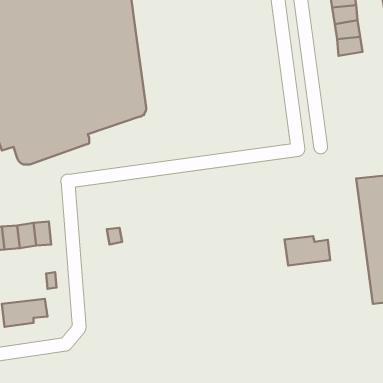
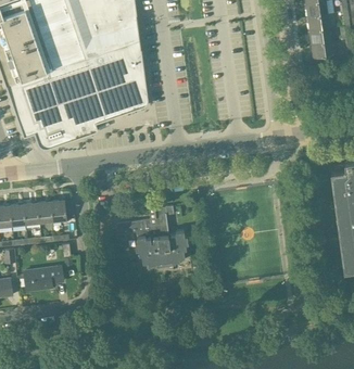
building: none -> [116,205,188,268]
building: [284,236,330,266] -> none

